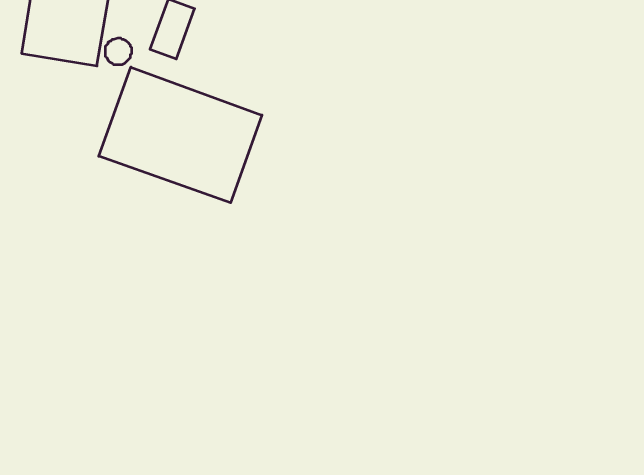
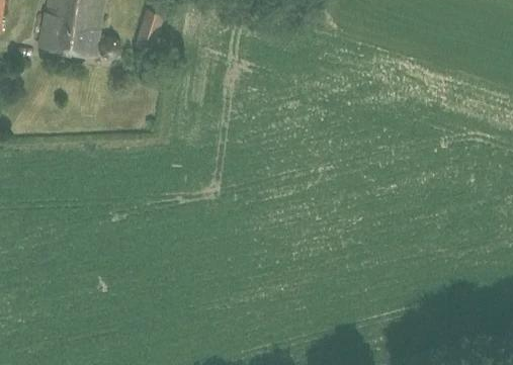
building: [99,67,262,203] -> none

